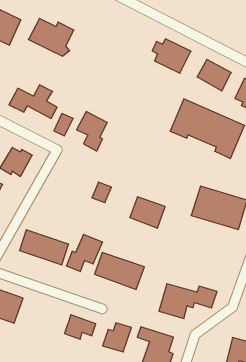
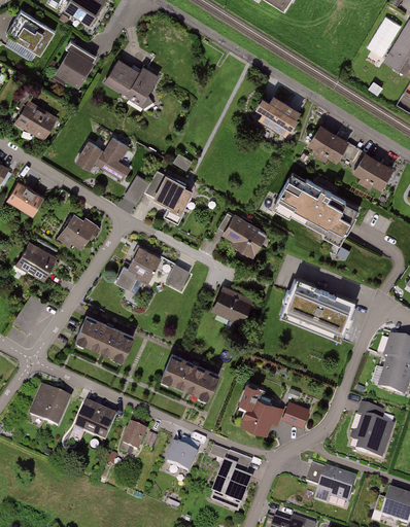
building: none -> [219,213,267,257]
building: [66,234,103,272] -> [114,246,161,291]
building: none -> [72,402,115,443]

